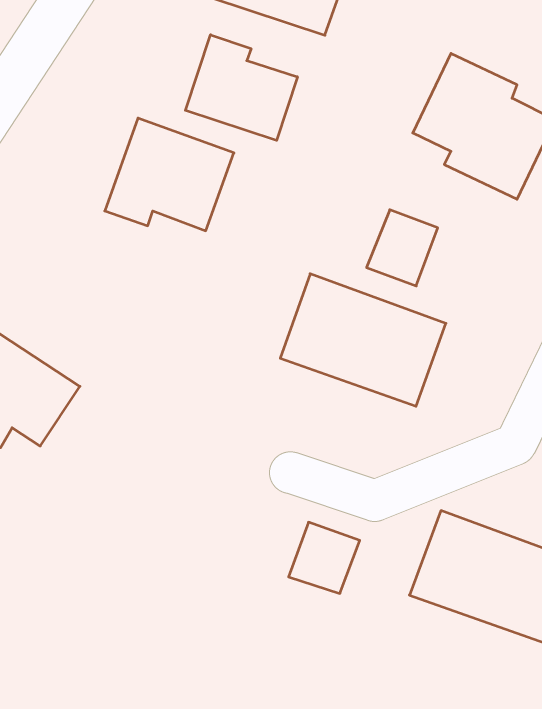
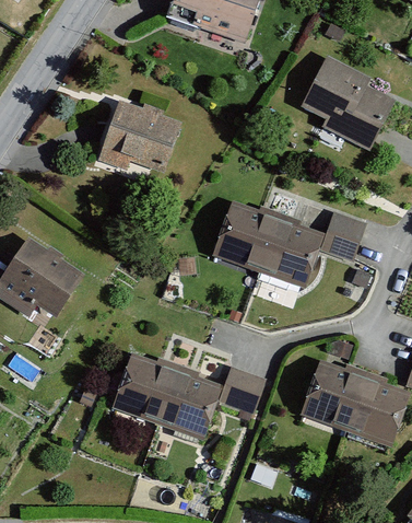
building: [185,35,297,140] -> none
building: [367,210,438,286] -> [319,208,366,258]
building: none -> [111,351,223,440]

